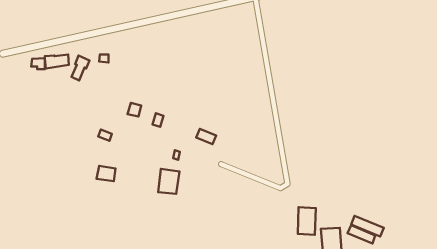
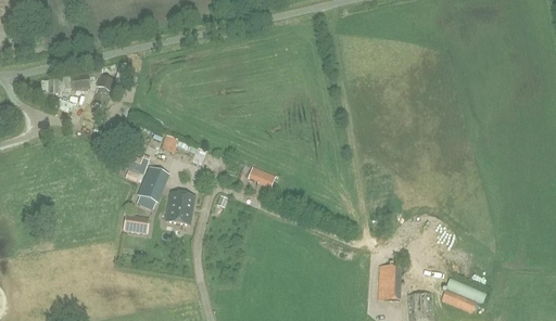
building: none -> [138,166,167,201]
building: [158,169,180,194] -> [167,192,194,223]

